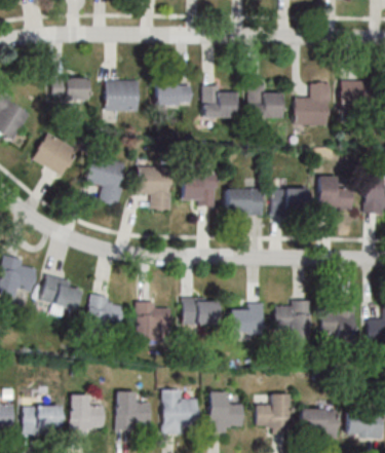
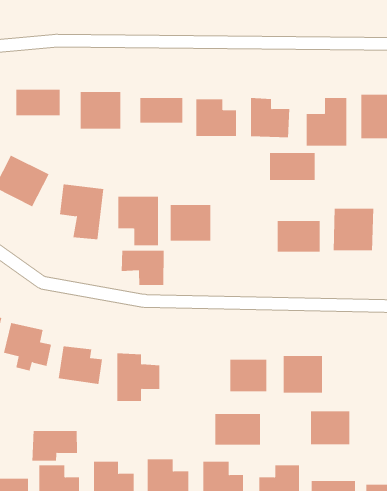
building: [225,189,264,213] -> [269,152,315,180]
building: none -> [121,250,164,286]
building: [182,298,221,325] -> [215,413,261,445]
building: [321,305,355,334] -> [310,411,350,445]
building: none -> [32,430,78,462]

